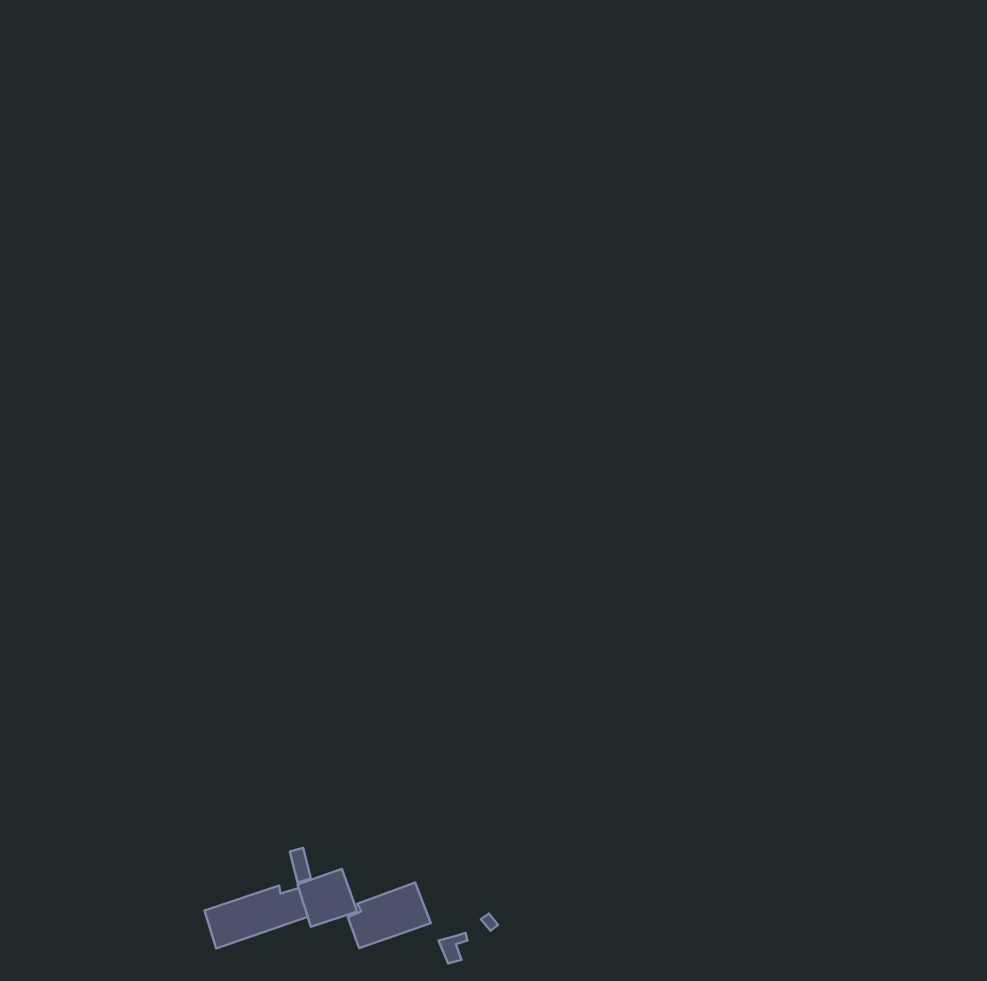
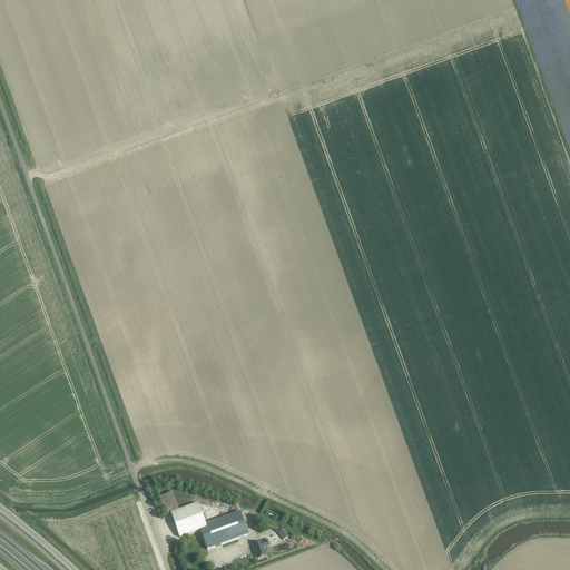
building: [204,886,308,948] -> none

